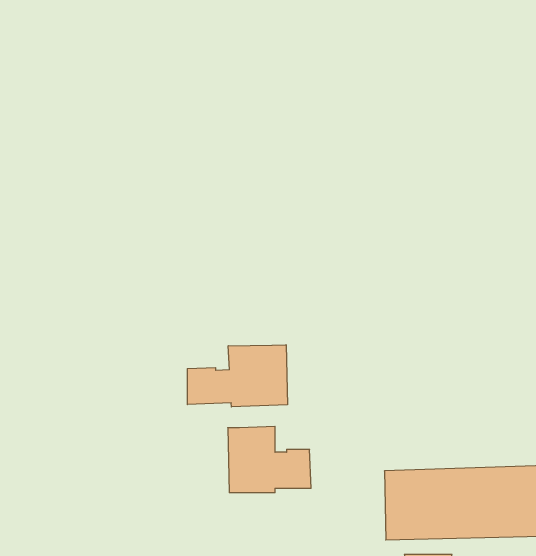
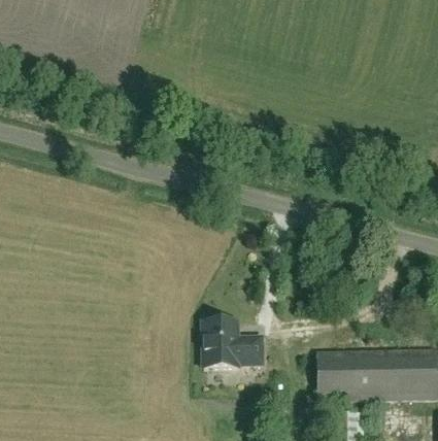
building: [187,345,287,407] -> none

